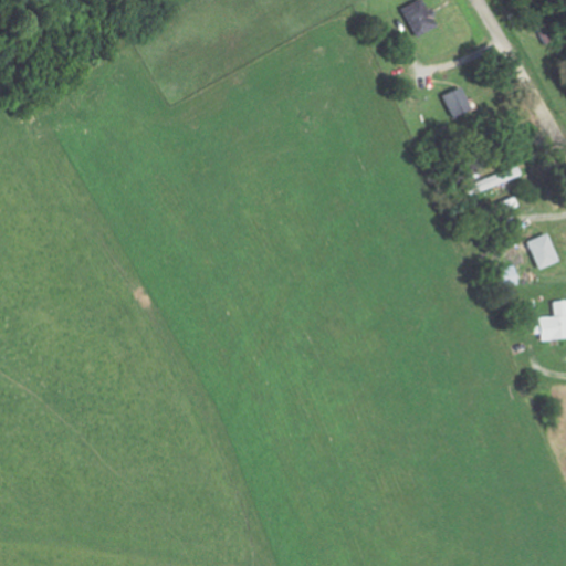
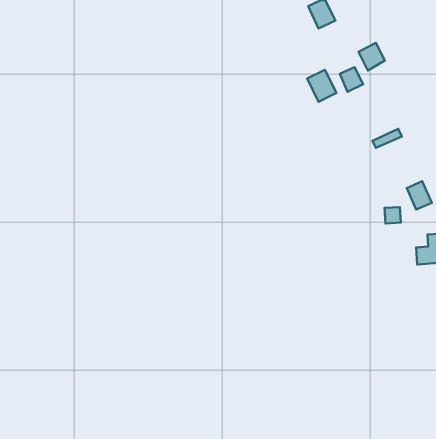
building: none -> [358,43,385,71]
building: none -> [307,70,337,102]

